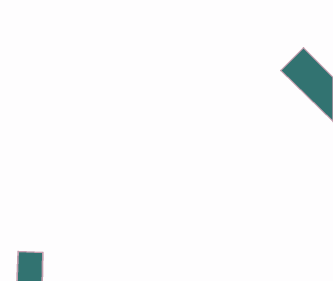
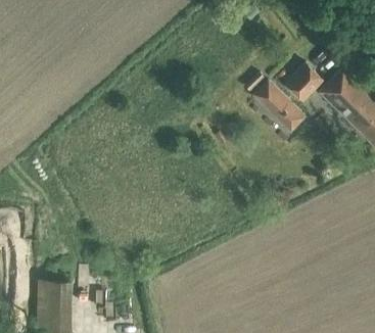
building: none -> [286,63,323,100]
building: none -> [253,80,306,131]

